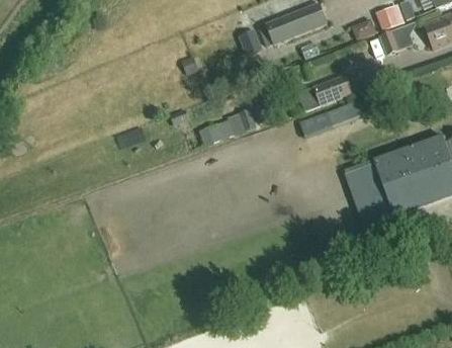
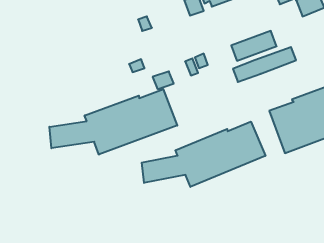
building: none -> [49,89,177,155]
building: none -> [142,122,265,187]

